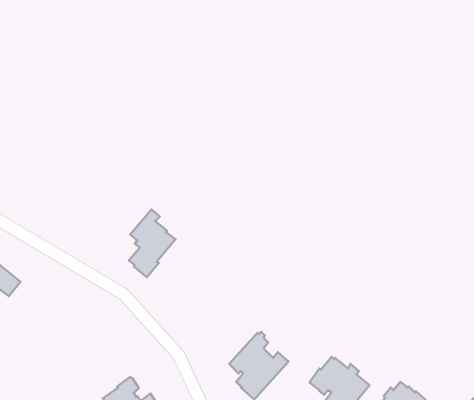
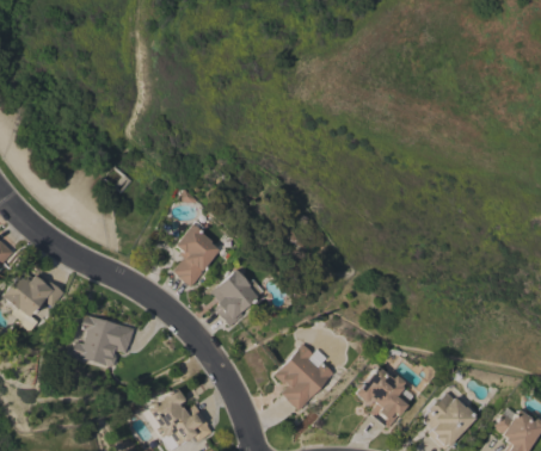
building: none -> [213,270,259,326]
building: none -> [73,314,135,366]

